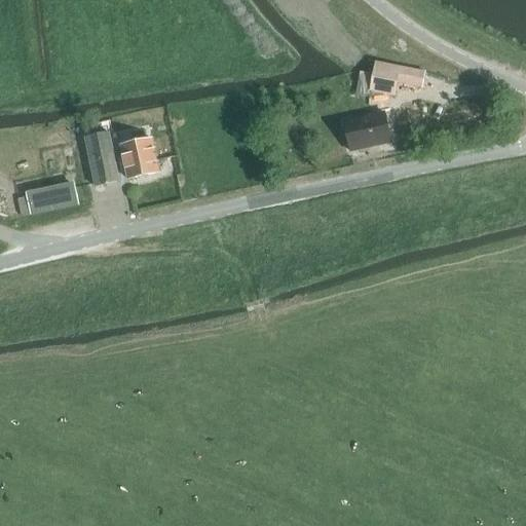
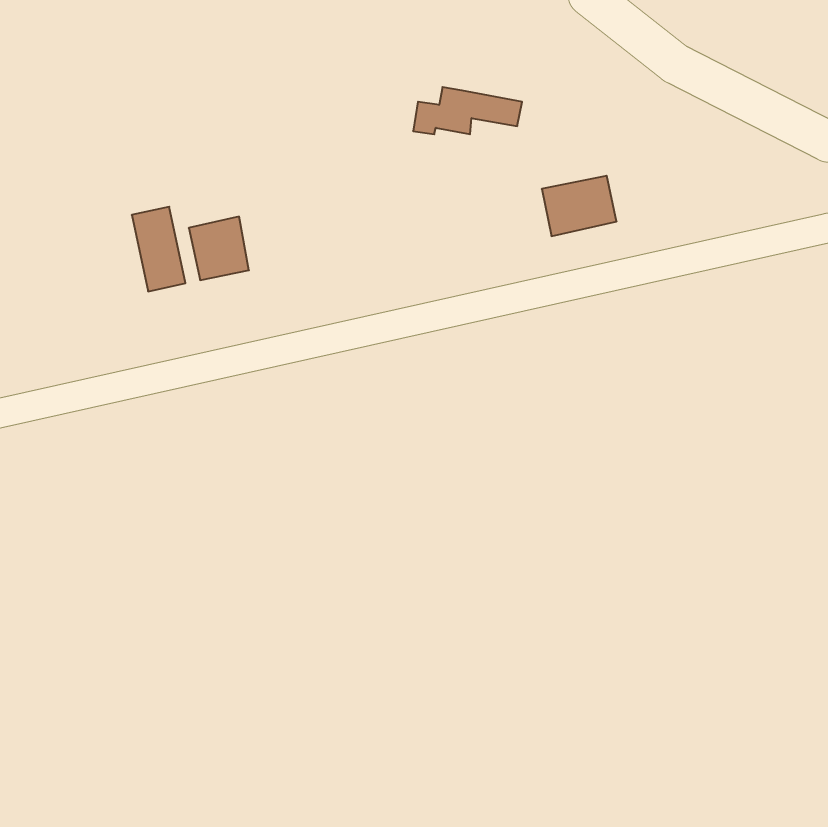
building: [354,61,423,90] -> [413,87,522,134]
building: [25,184,78,212] -> none

